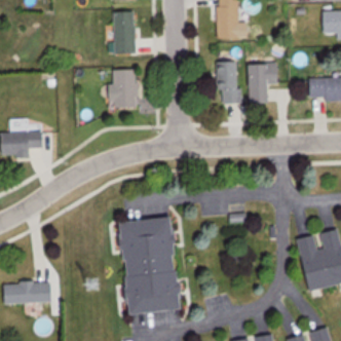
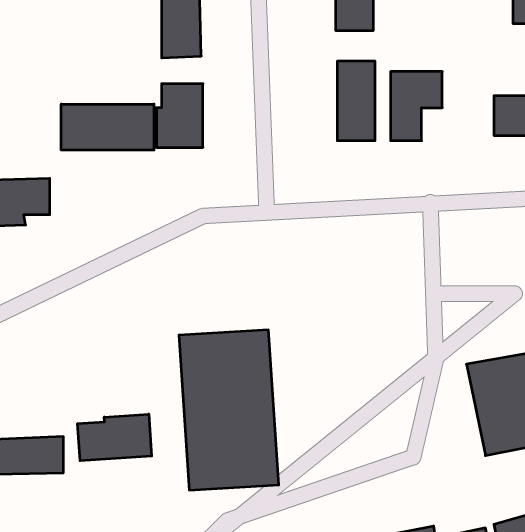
building: none -> [61,104,154,150]
building: none -> [78,414,152,461]

